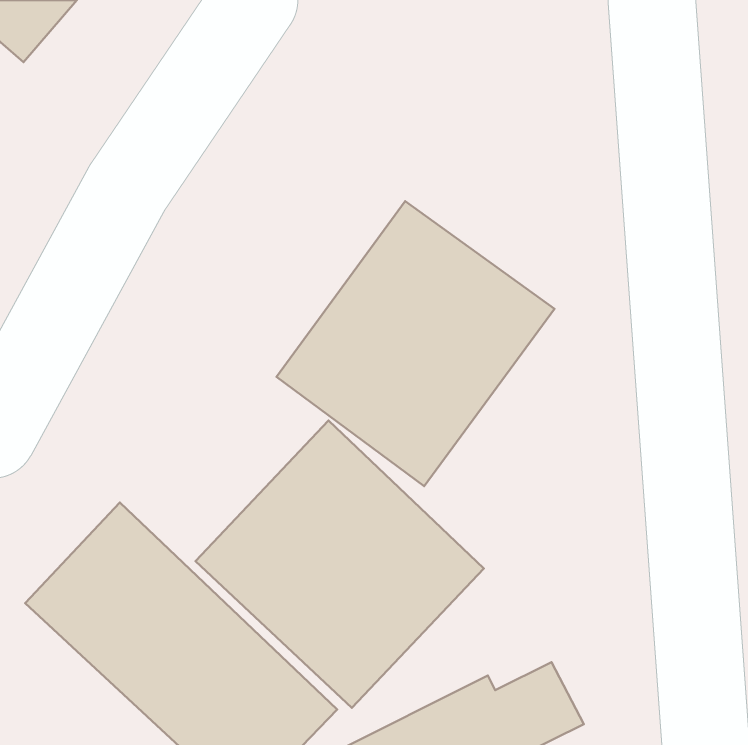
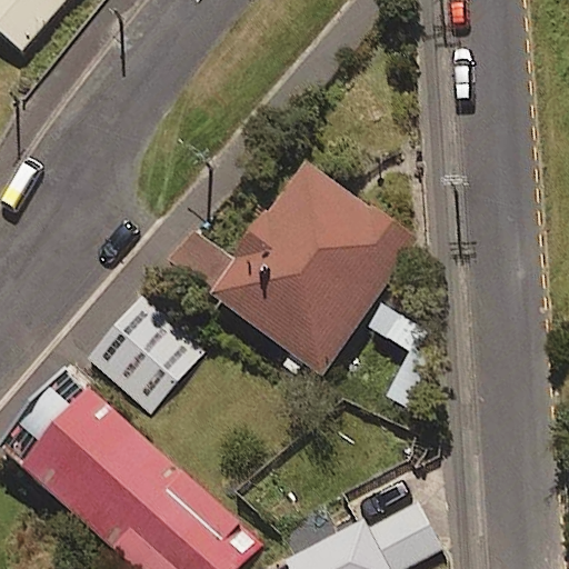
building: none -> [83,302,199,418]
building: [196,420,484,708] -> none

